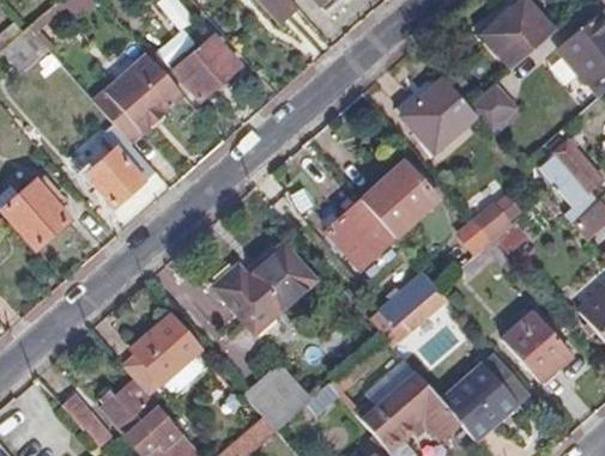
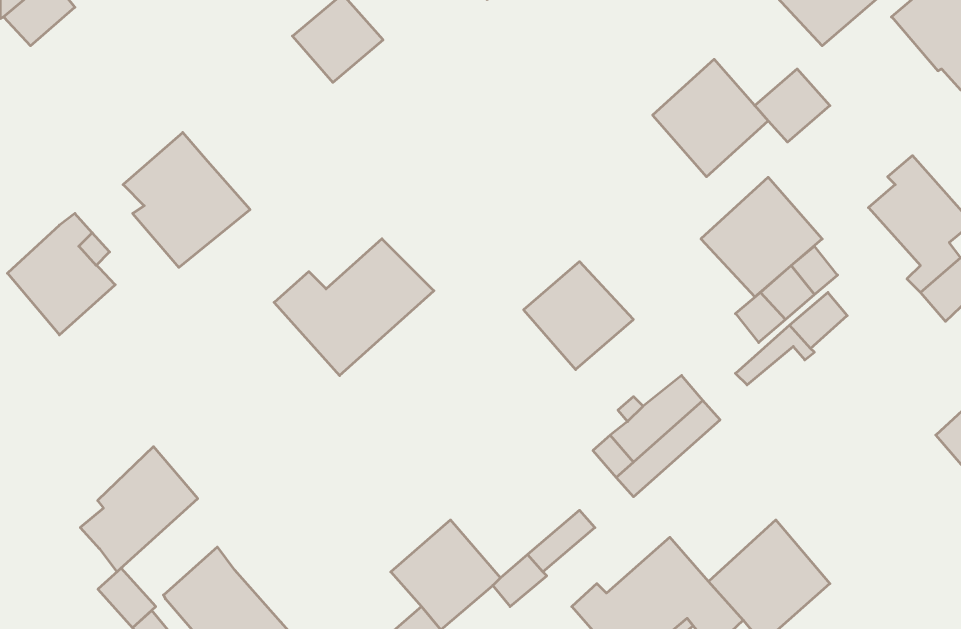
building: [96,55,183,139] -> none
building: [361,163,436,237] -> [701,177,822,297]
building: [216,245,315,330] -> [274,239,434,376]
building: [502,310,570,382] -> none
building: [123,315,196,393] -> [80,447,198,572]

